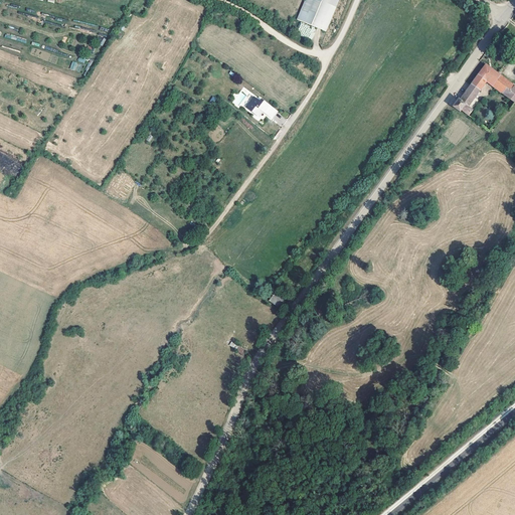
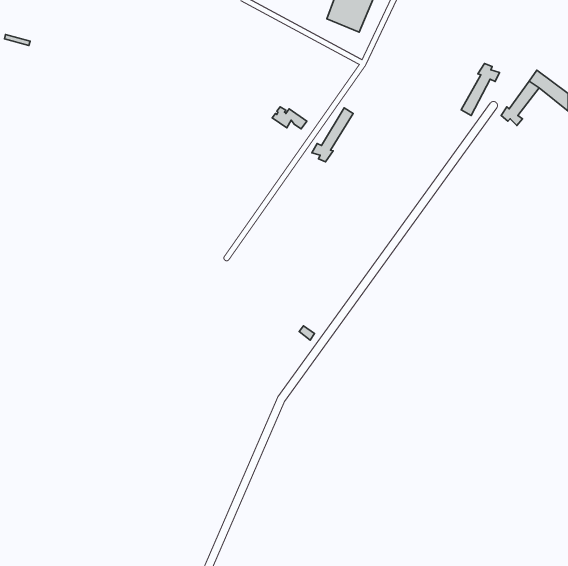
building: none -> [461,63,499,116]
building: none -> [312,108,353,162]

